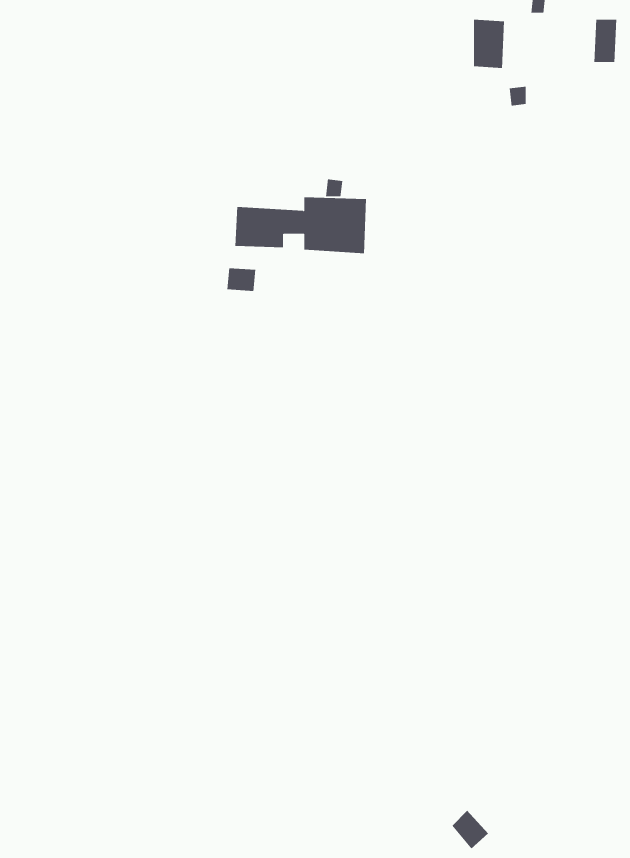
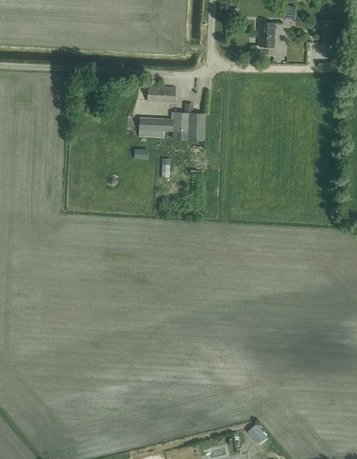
building: none -> [147,86,175,102]

